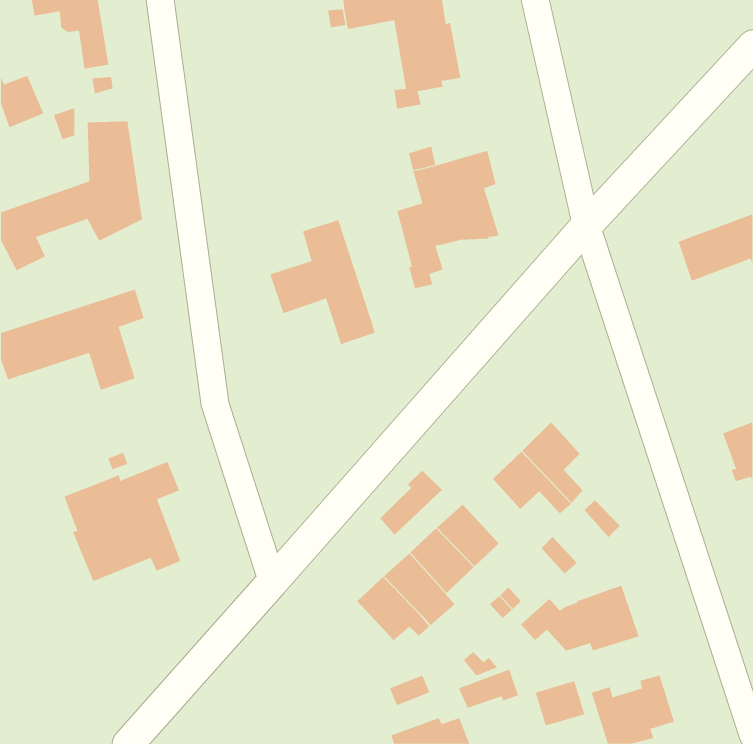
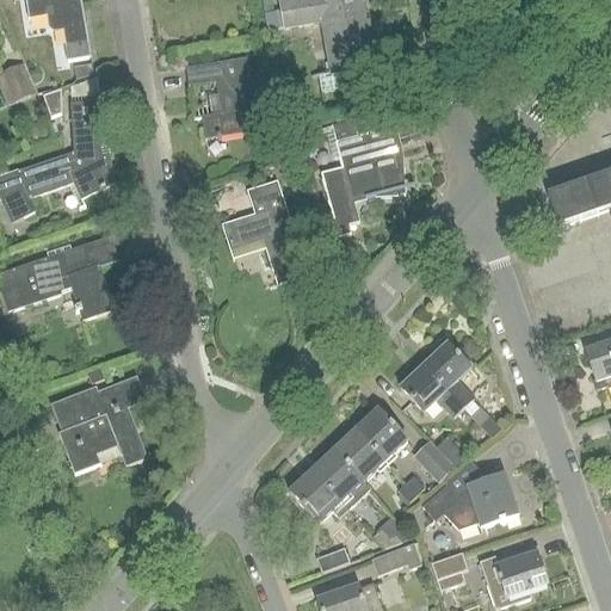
building: none -> [184,56,255,136]
building: [380,470,443,536] -> none
building: none -> [414,442,455,481]

